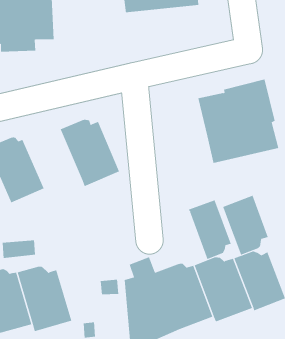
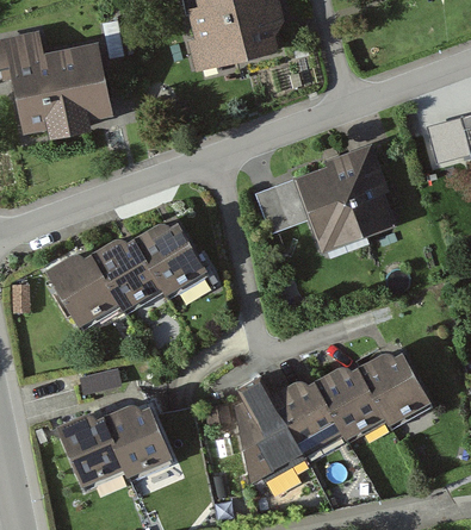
building: none -> [254,175,310,235]
building: none -> [89,233,167,314]
building: [222,195,268,255] -> none
building: [188,200,232,260] -> none

